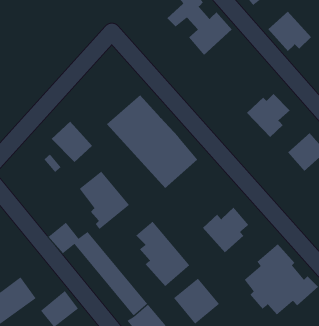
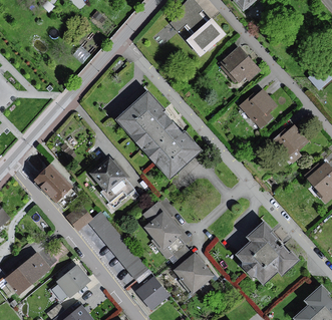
building: [267,11,312,52] -> [222,46,261,82]
building: [51,121,93,163] -> [32,163,69,200]
building: [202,207,249,253] -> none

